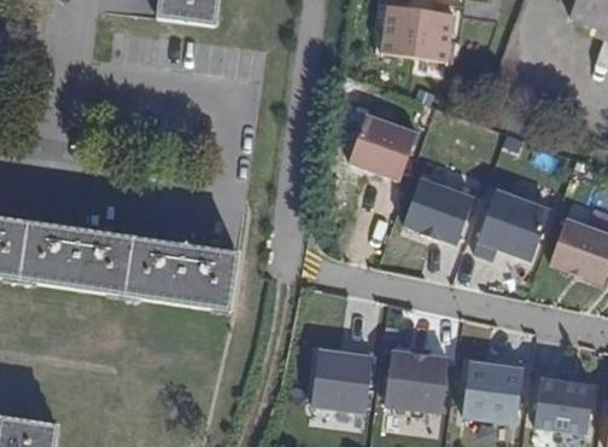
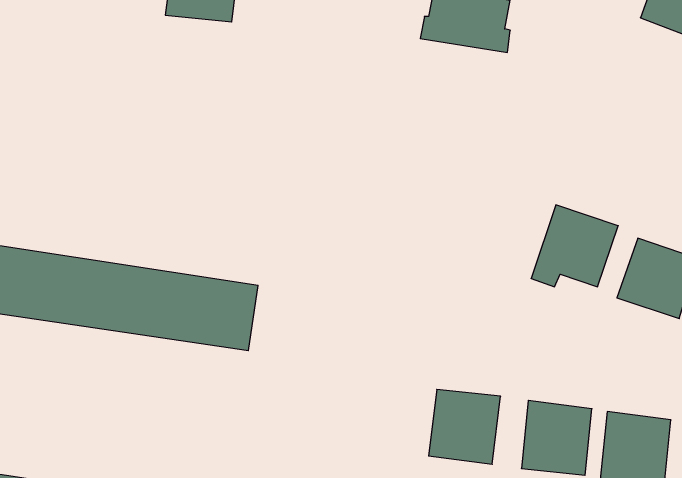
building: [347,111,420,181] -> none
building: [403,162,479,245] -> none
building: [310,347,373,411] -> none

